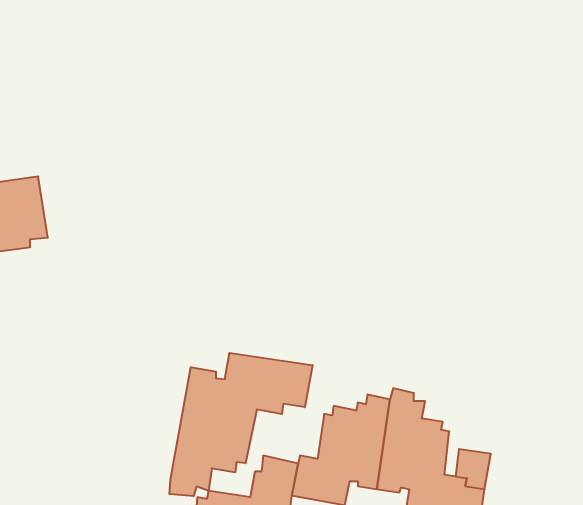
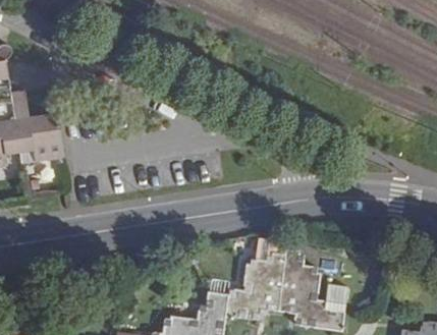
building: [170,353,313,496] -> none

